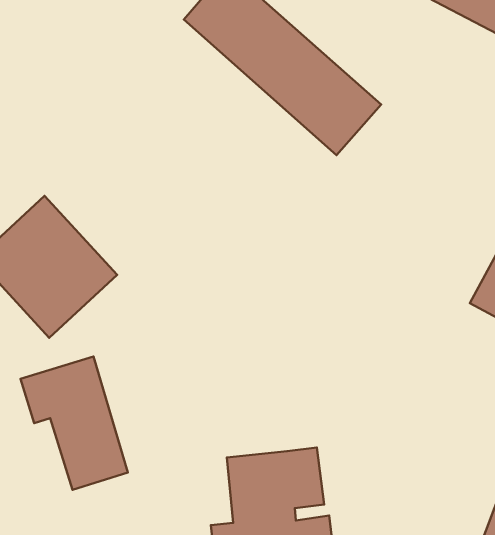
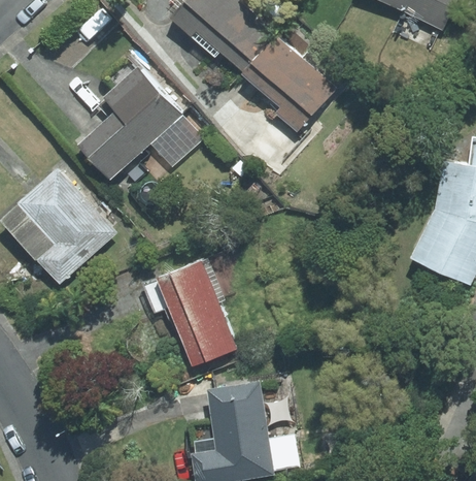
building: none -> [78,64,206,180]
building: [21,356,128,490] -> [145,256,235,367]

